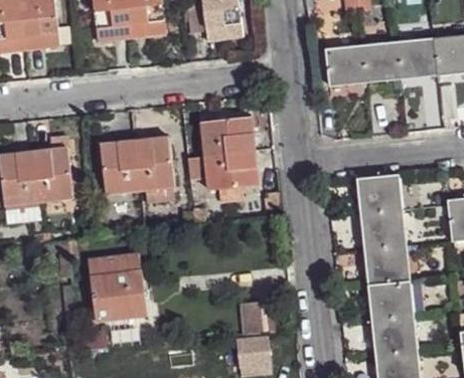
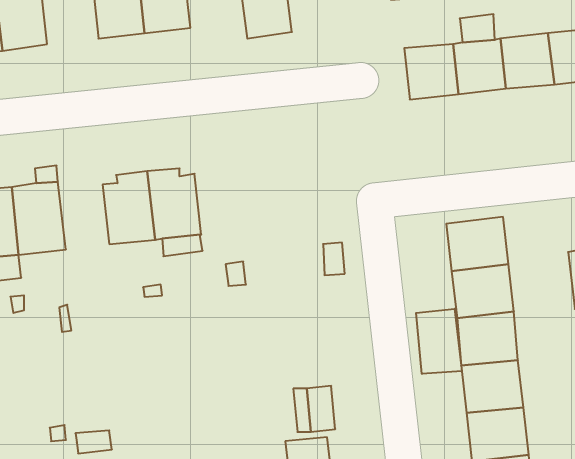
building: [187,117,259,203] -> none
building: none -> [416,309,462,374]
building: [89,252,148,321] -> none

